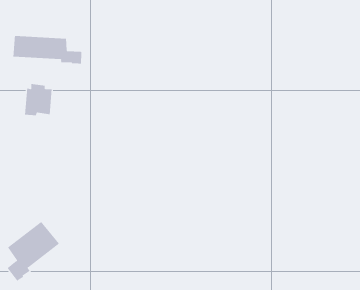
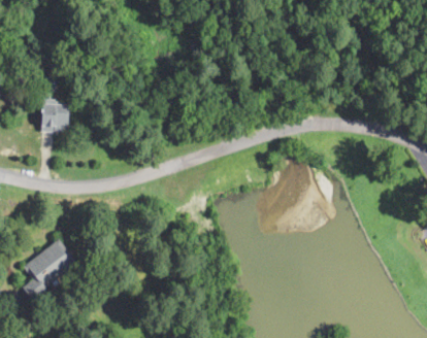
building: [13,35,82,65] -> none

